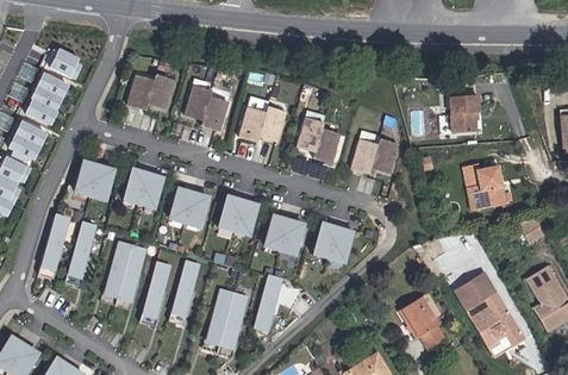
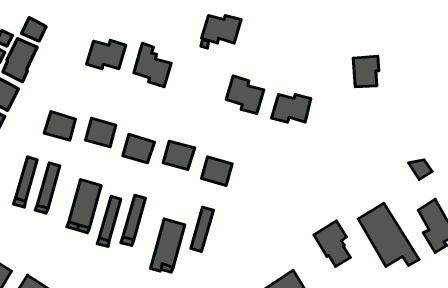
building: [239,108,287,142] -> [202,16,241,43]
building: [463,163,508,210] -> none
building: [316,224,352,258] -> none

